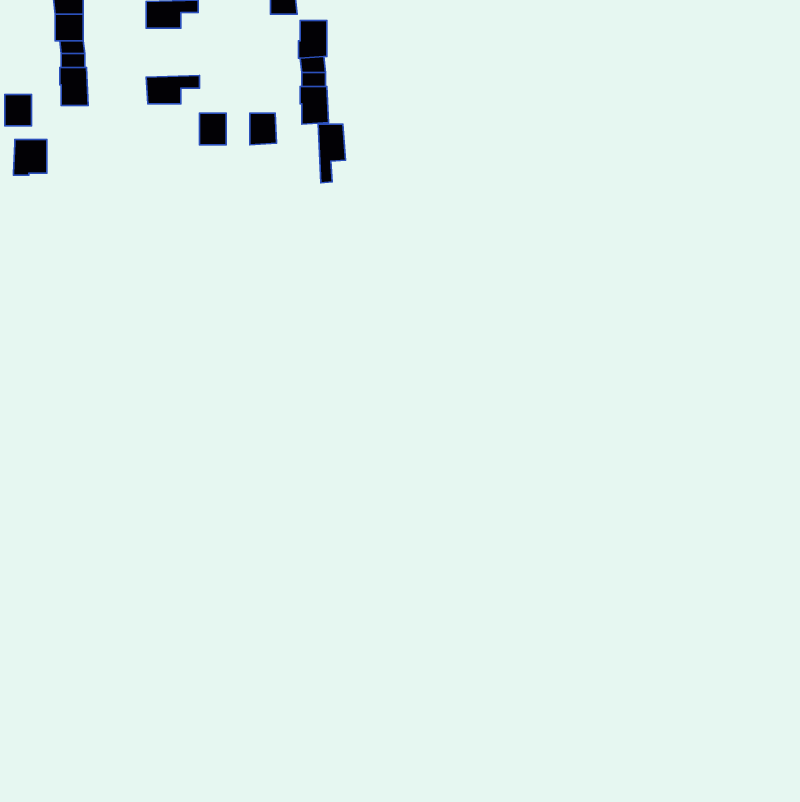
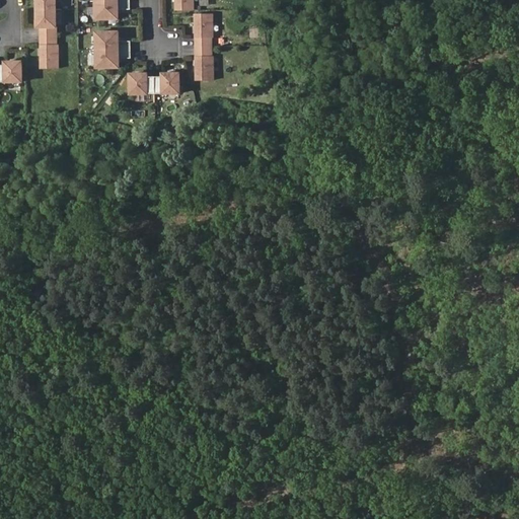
building: none -> [94,31,129,50]
building: [318,124,345,183] -> none
building: [13,140,47,175] -> none

